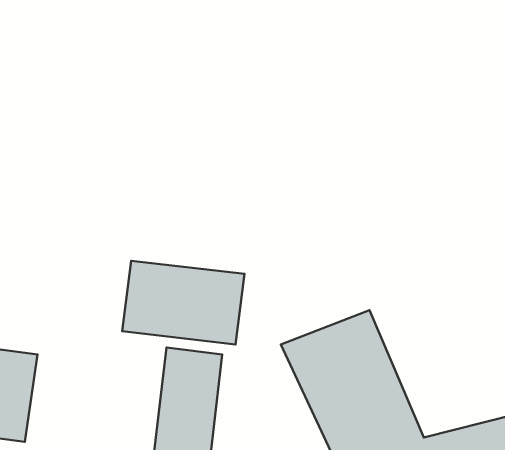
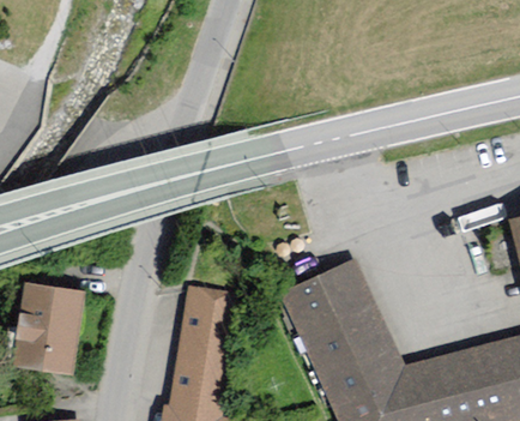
building: [122,261,245,344] -> none

